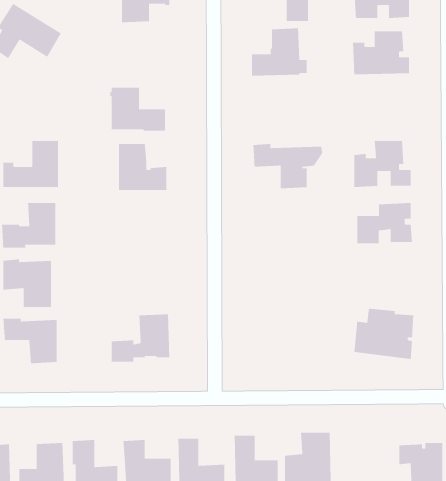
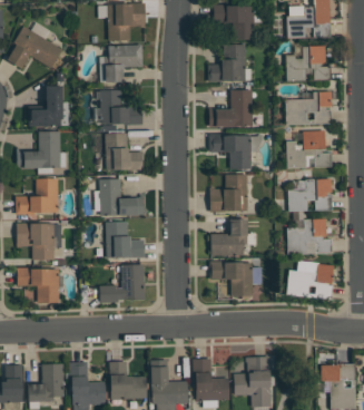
building: none -> [100,43,142,81]
building: none -> [29,85,69,126]
building: none -> [209,89,253,126]
building: none -> [286,91,332,124]
building: none -> [210,174,248,212]
building: none -> [99,178,145,215]
building: none -> [211,218,257,255]
building: none -> [287,218,333,254]
building: none -> [106,221,145,257]
building: none -> [210,261,262,295]

